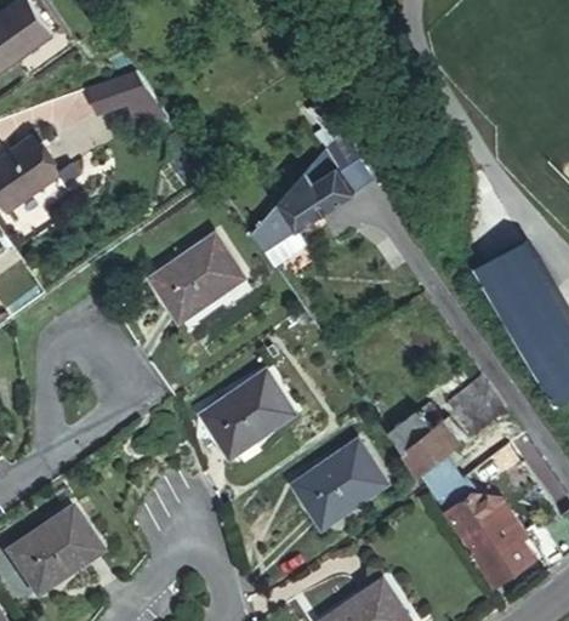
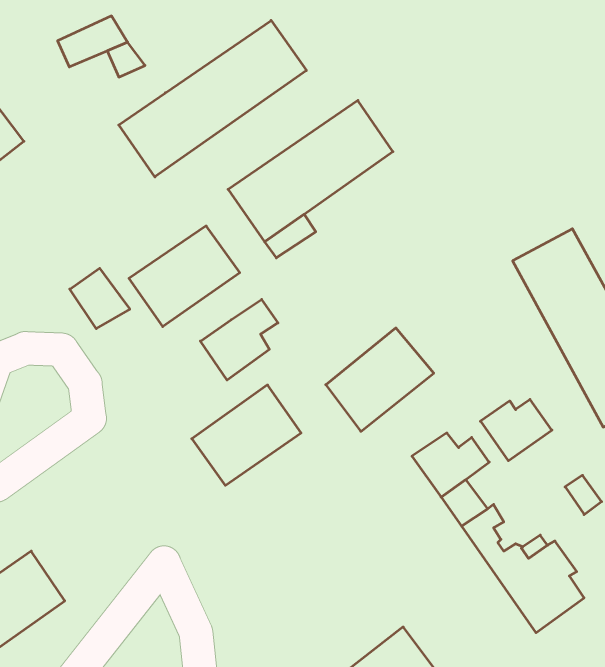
building: none -> [119,20,306,177]
building: none -> [70,268,130,329]
building: none -> [200,299,278,380]
building: [289,439,379,525] -> [326,328,434,431]

